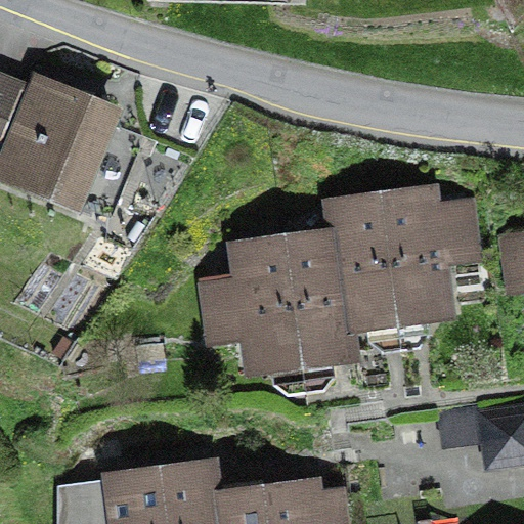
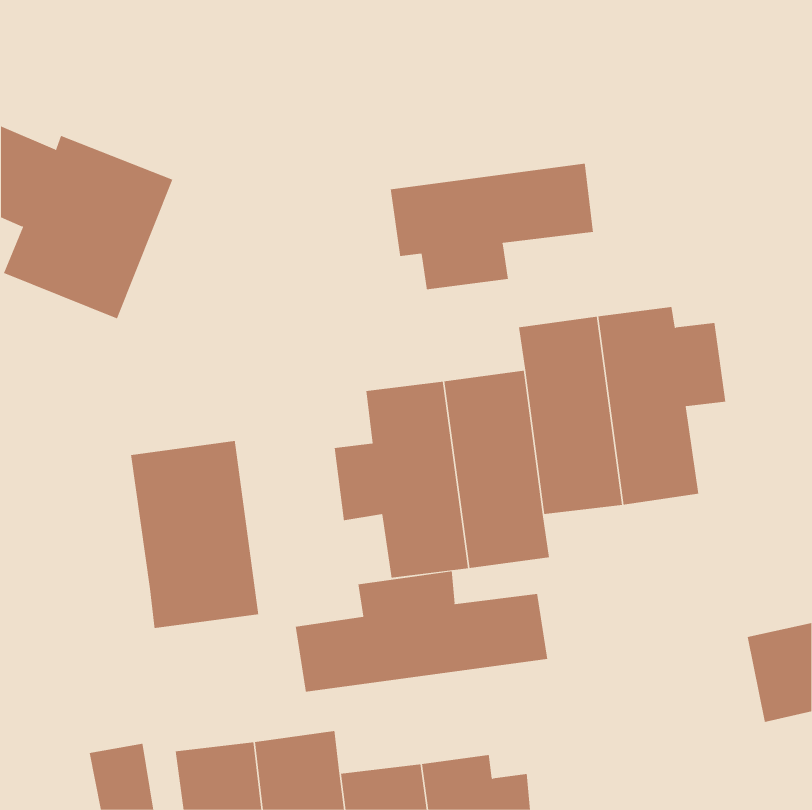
building: none -> [390,163,594,290]
building: none -> [130,440,259,629]
building: none -> [295,571,548,692]

